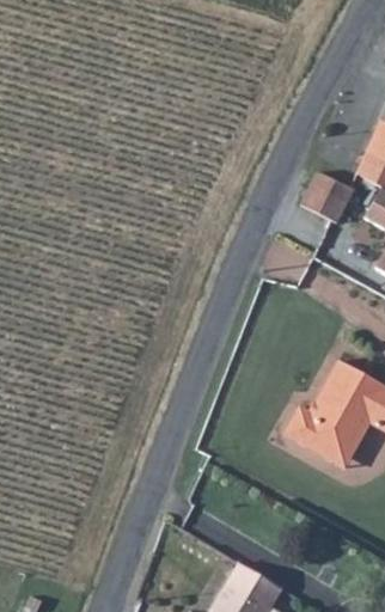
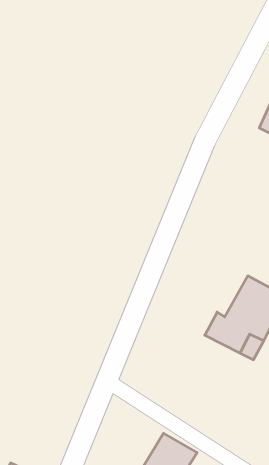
building: [301,173,355,226] -> none

